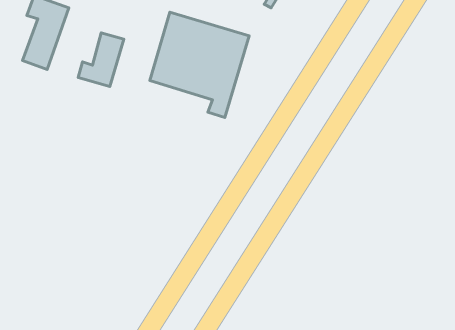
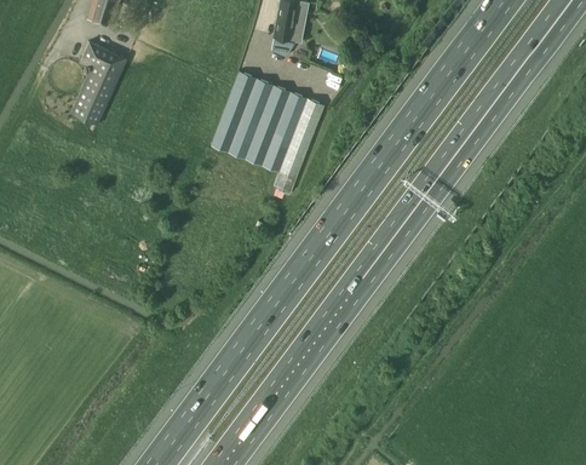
building: [78,33,124,86] -> none

